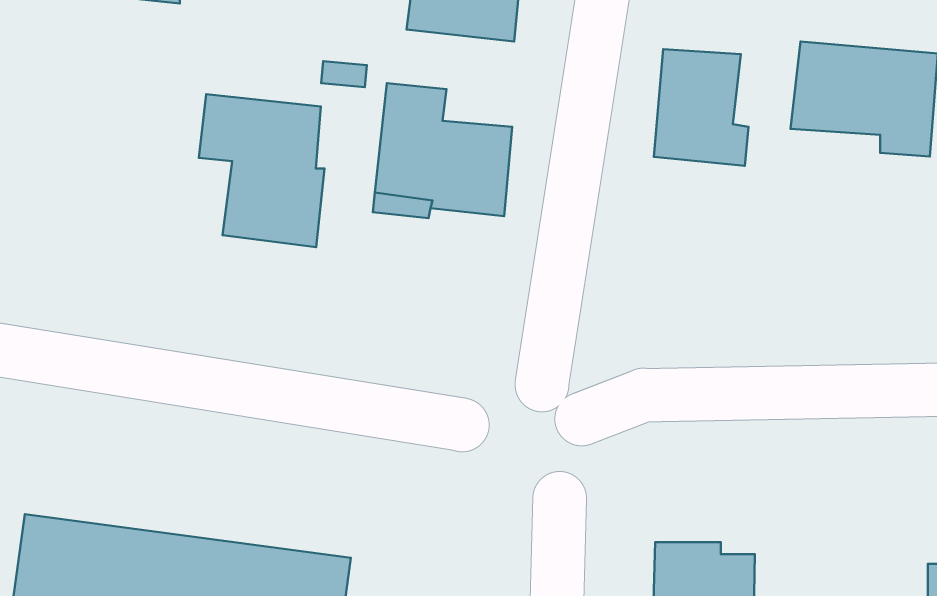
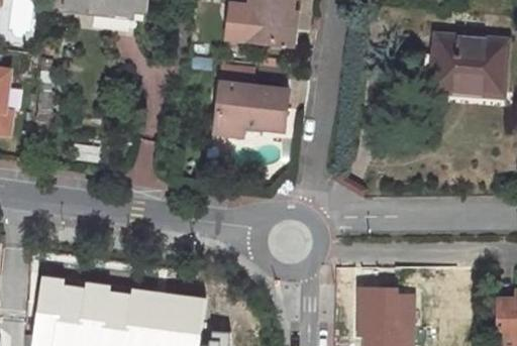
building: [654,49,749,166] -> none
building: [199,94,325,247] -> none

